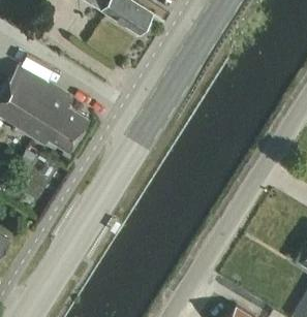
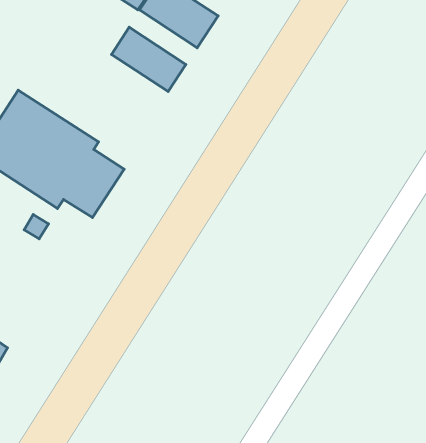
building: none -> [112,27,186,92]

